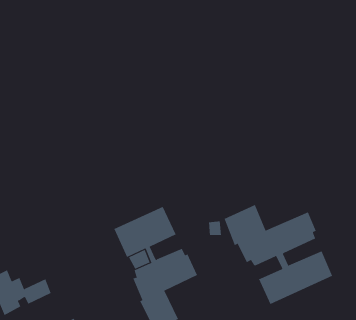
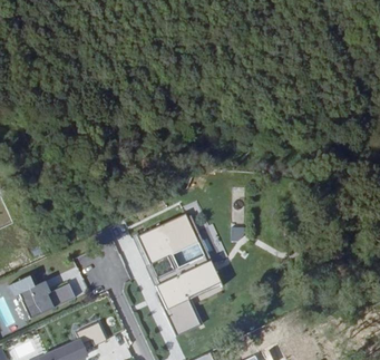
building: [224,204,333,305] -> none

